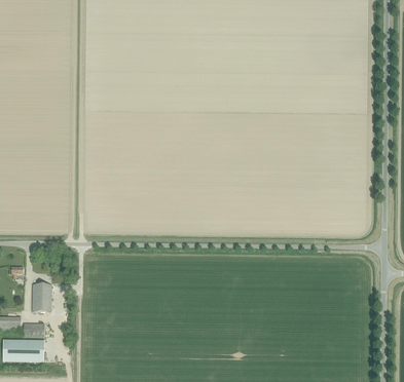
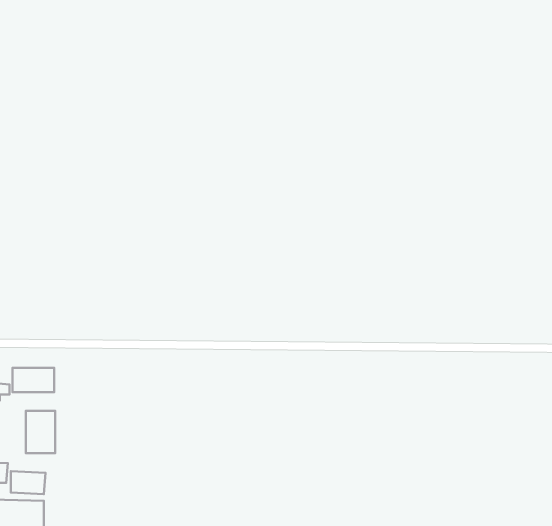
building: none -> [13,368,54,392]

